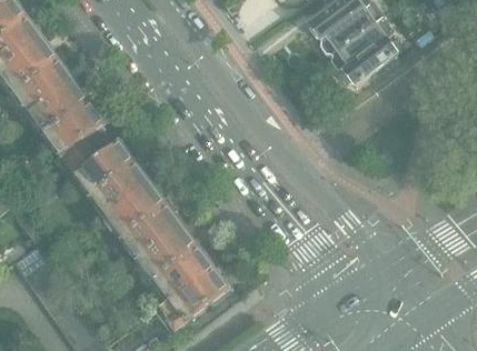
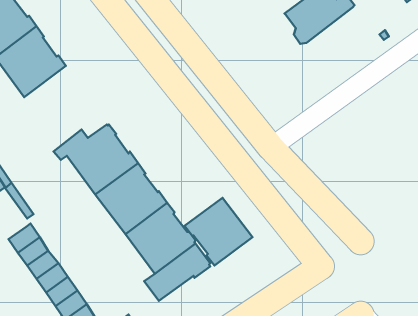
building: [326,14,392,82] -> none
building: [28,77,102,168] -> none
building: none -> [185,198,252,265]

